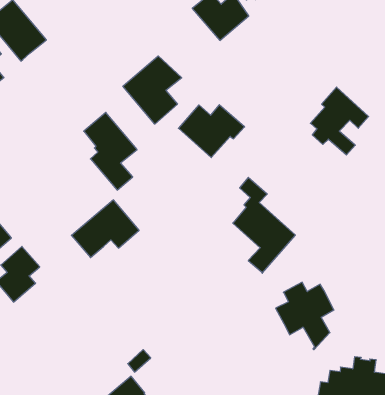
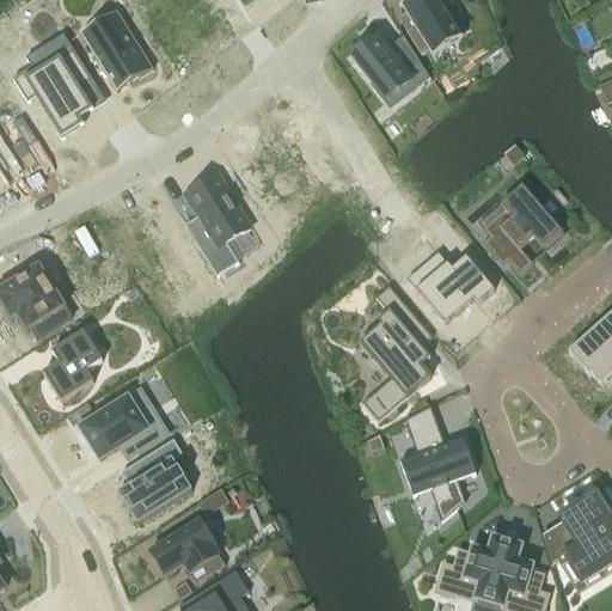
building: [123,56,182,124] -> none
building: [178,105,245,158] -> [409,250,495,320]
building: [71,200,139,258] -> [80,386,169,457]
building: none -> [118,436,192,521]

